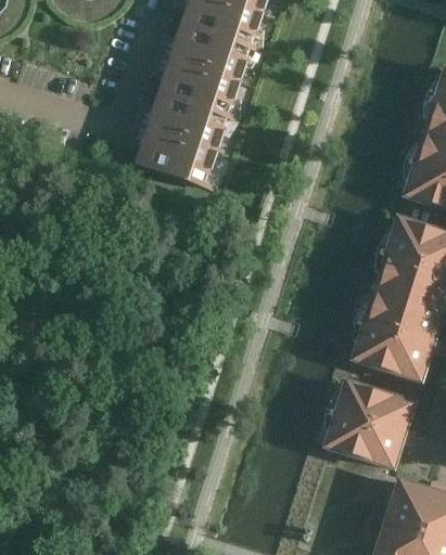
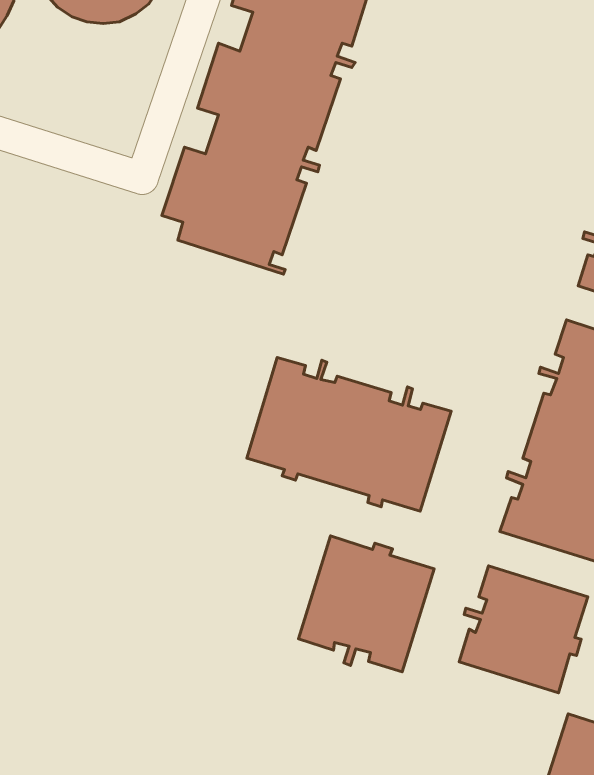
building: none -> [247,357,451,511]
building: none -> [298,536,434,672]

